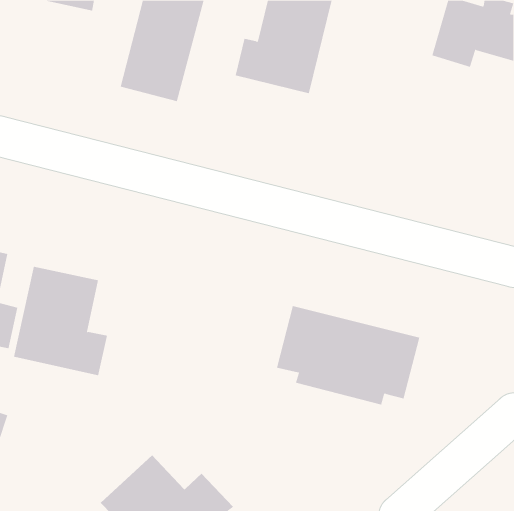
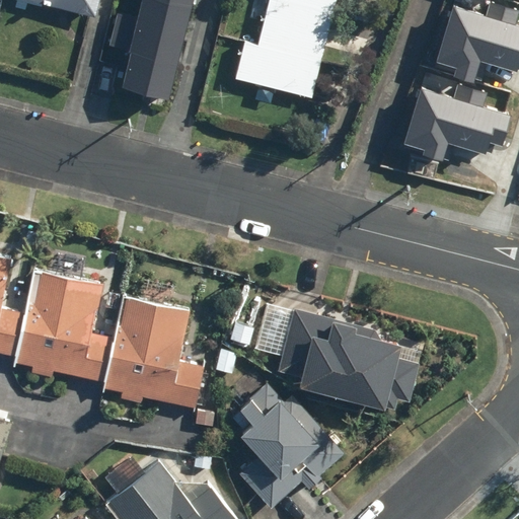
building: none -> [402,79,510,152]
building: none -> [100,295,207,412]
building: none -> [232,381,343,506]

